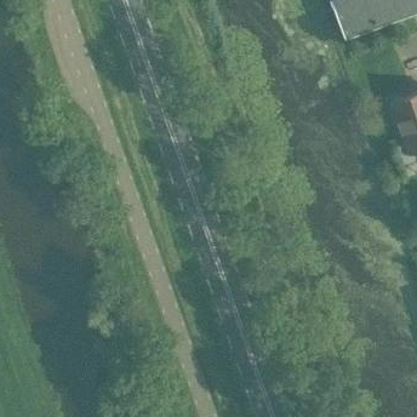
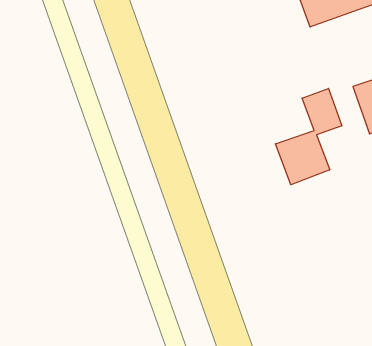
building: none -> [275,88,342,185]

